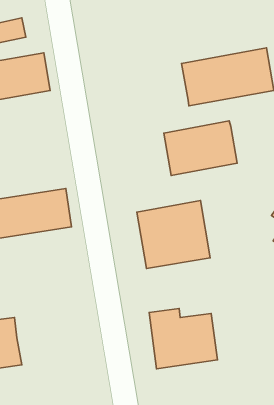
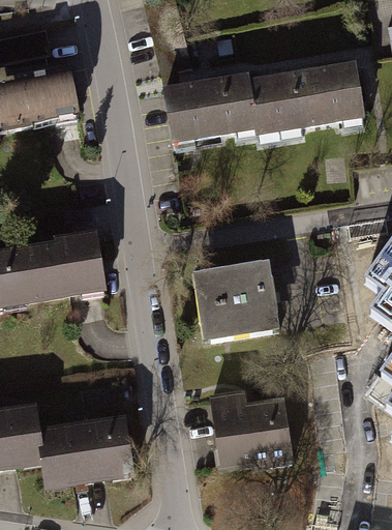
building: [164,121,237,176] -> [162,75,255,144]
building: none -> [38,416,139,491]

